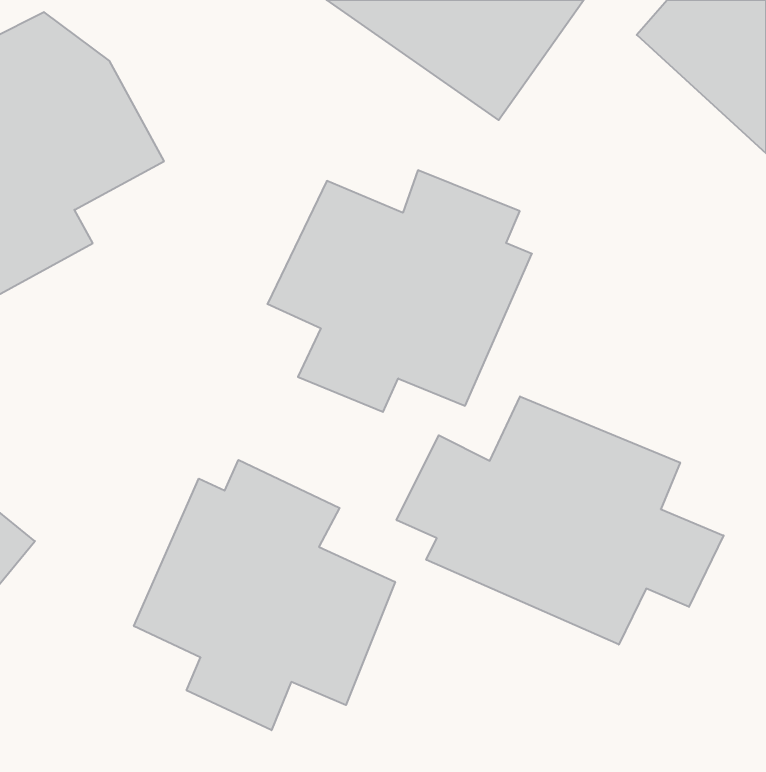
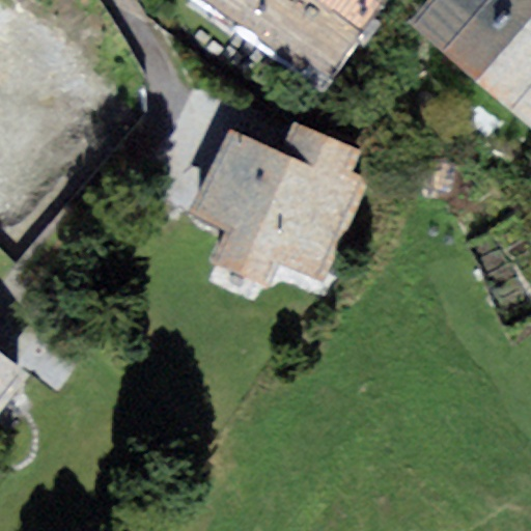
building: [397,396,724,645] -> none
building: [134,460,395,730] -> none

